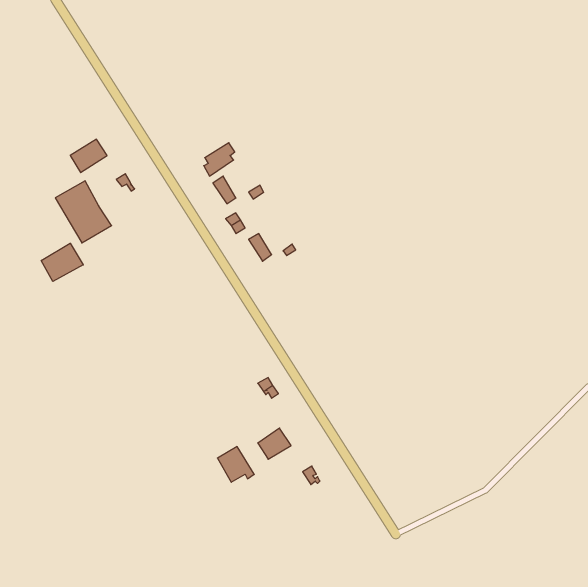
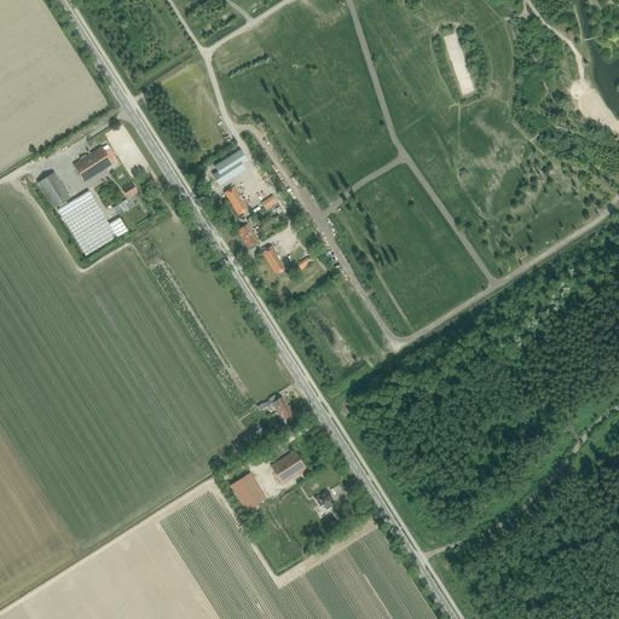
building: none -> [37,172,70,208]
building: [41,243,83,281] -> none

